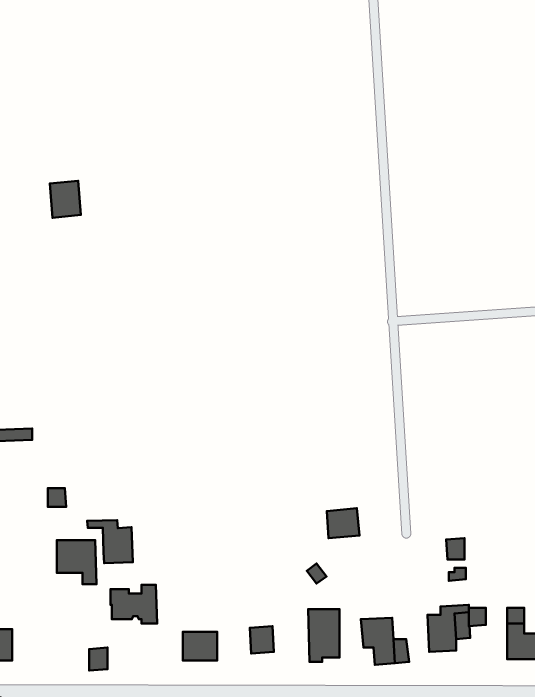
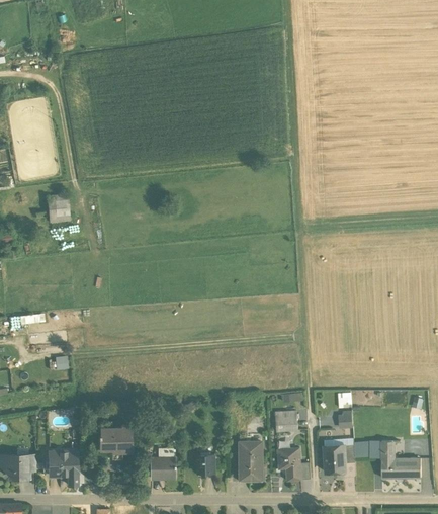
building: [50,181,81,218] -> [47,196,69,223]
building: [327,508,360,538] -> [274,411,297,432]
building: [87,520,133,563] -> none
building: [57,540,97,584] -> [49,452,77,484]

